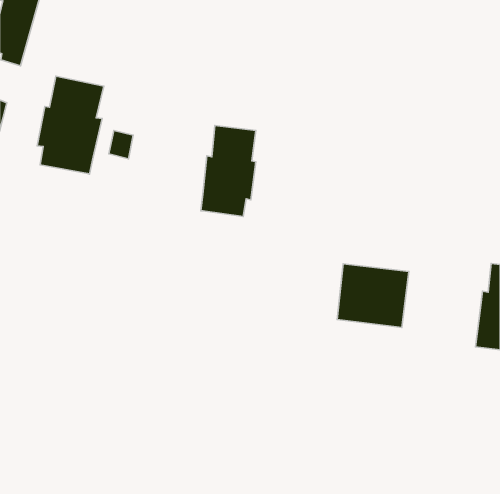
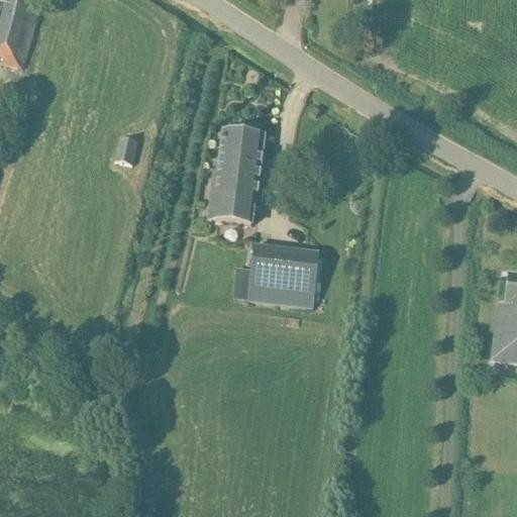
building: [37,76,104,174] -> none
building: [337,264,409,327] -> [245,241,319,307]

